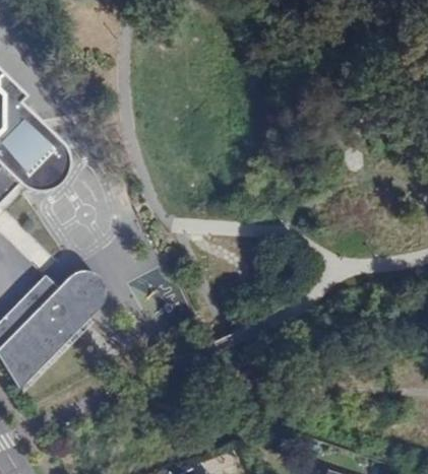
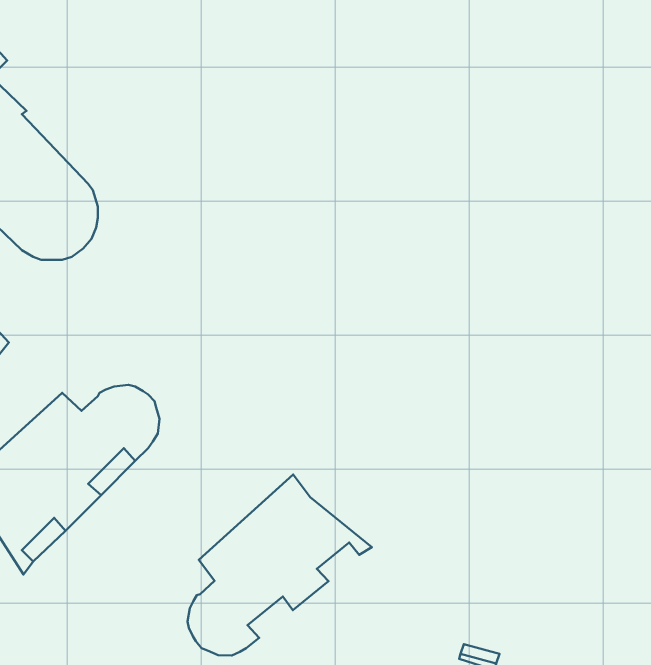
building: none -> [188,475,372,655]

